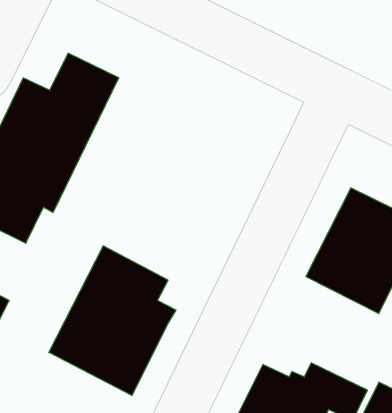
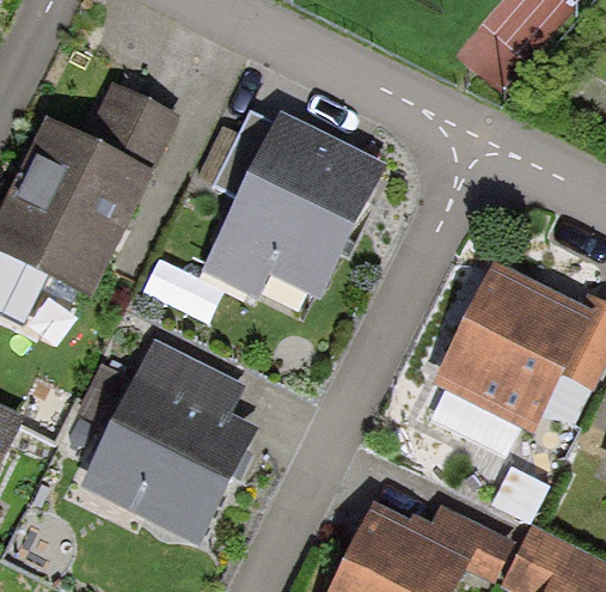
building: none -> [200,112,382,300]

